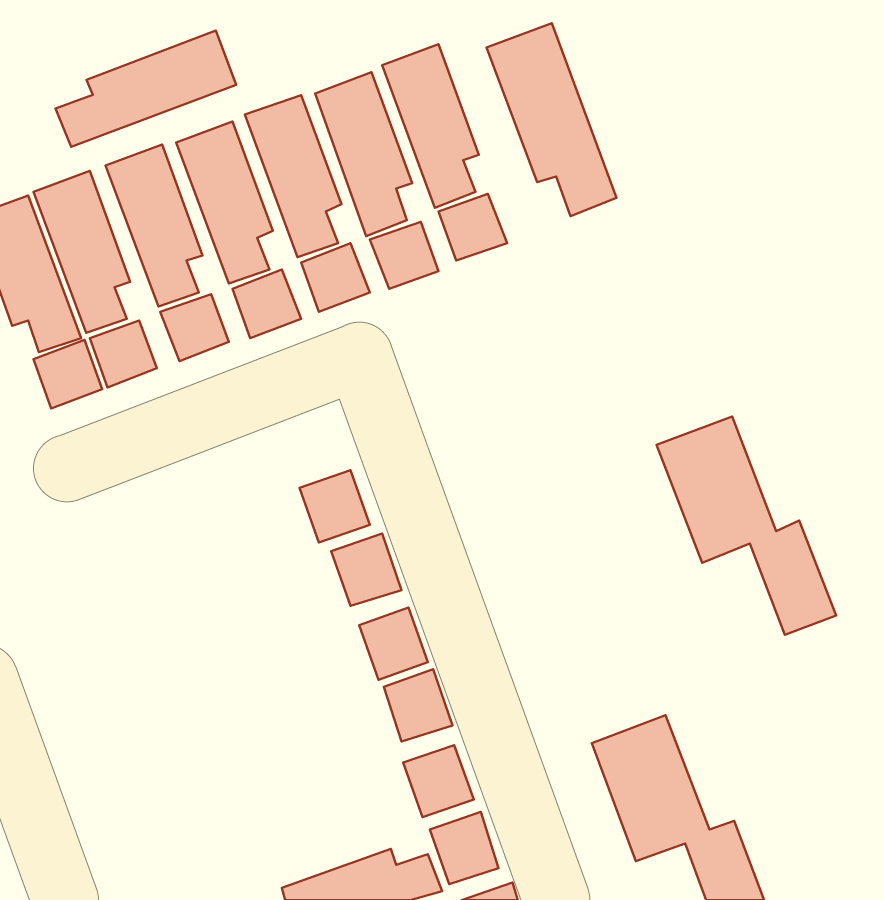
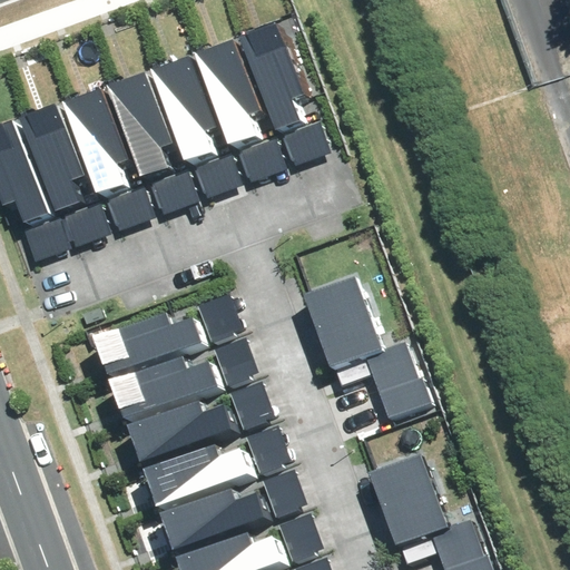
building: [487,23,616,216] -> none
building: [55,30,236,147] -> none
building: [656,417,836,635] -> [307,276,421,414]
building: none -> [96,320,197,379]
building: none -> [116,361,217,419]
building: none -> [132,406,234,465]
building: none -> [148,445,249,504]
building: none -> [161,493,263,552]

